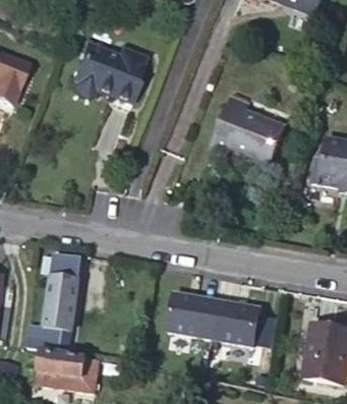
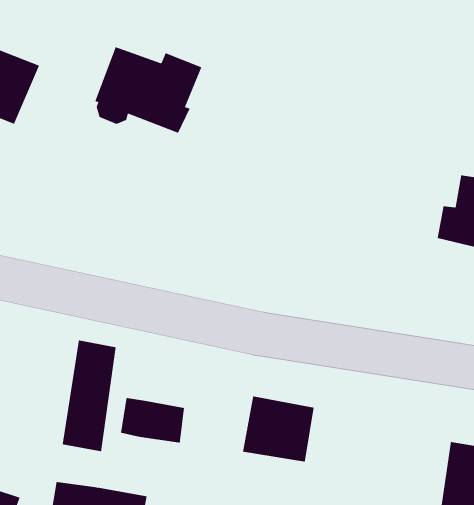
building: [211,96,280,159] -> none
building: [213,299,261,344] -> none
building: [27,323,72,354] -> [120,397,185,443]

